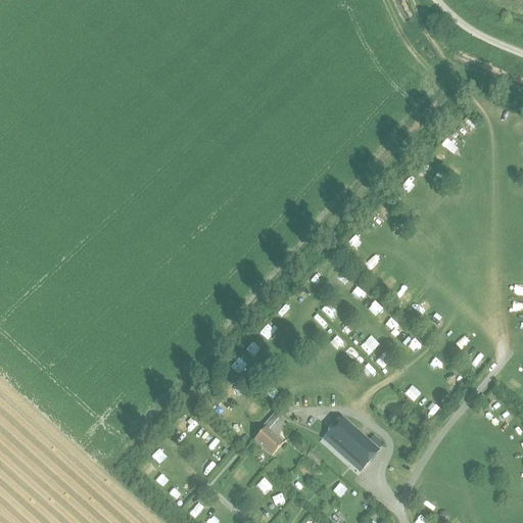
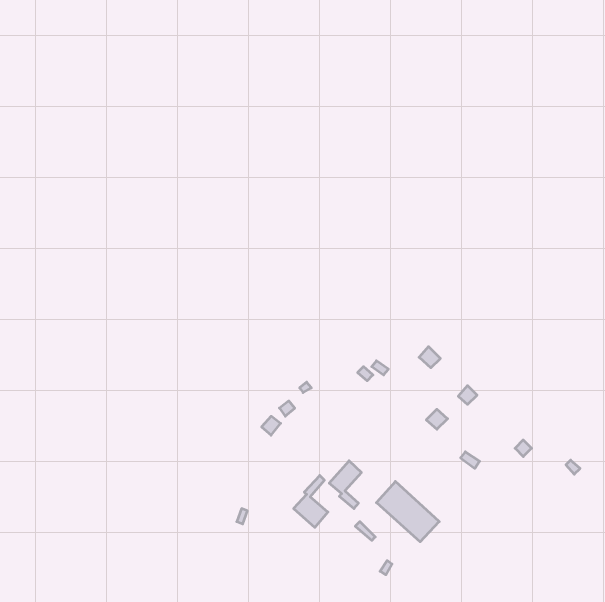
building: none -> [329,461,361,509]

